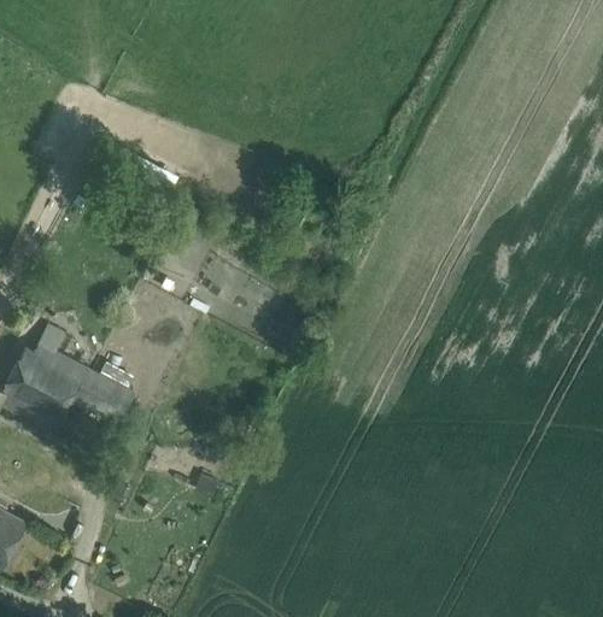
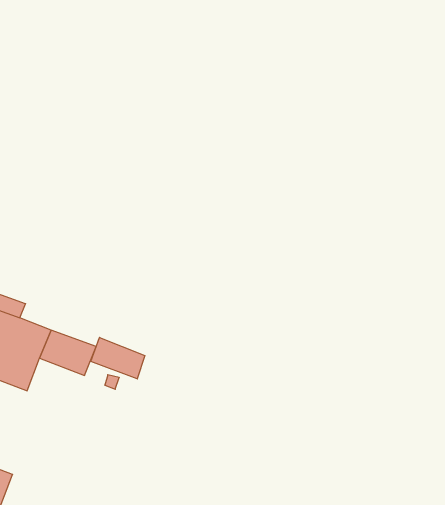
building: none -> [91,337,145,379]

